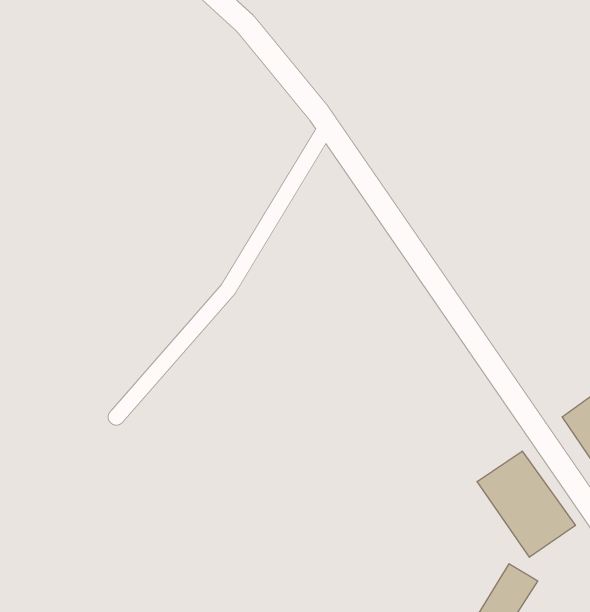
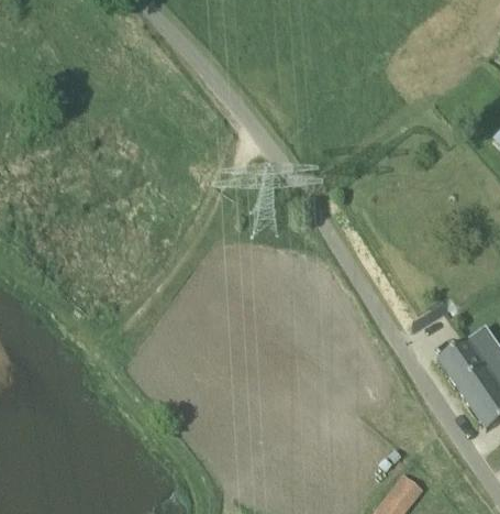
building: [477,451,575,557] -> none

